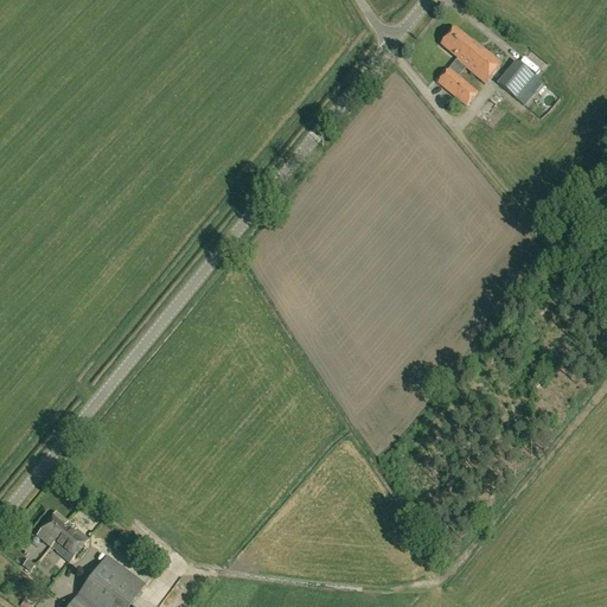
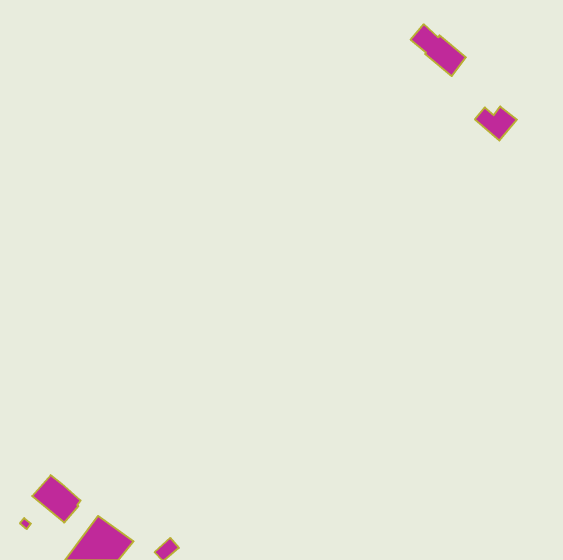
building: [436,66,477,104] -> none
building: [497,66,542,103] -> [475,106,517,141]

